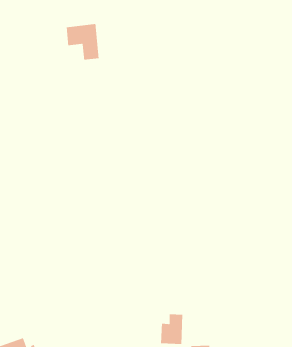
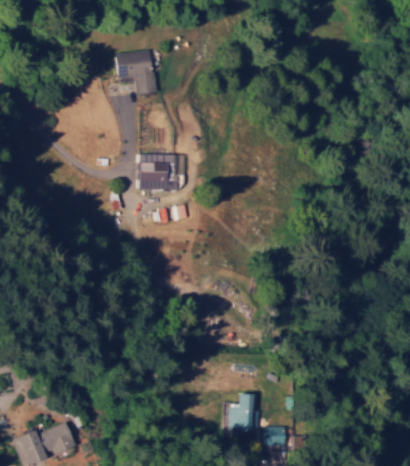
building: none -> [140,154,177,189]

